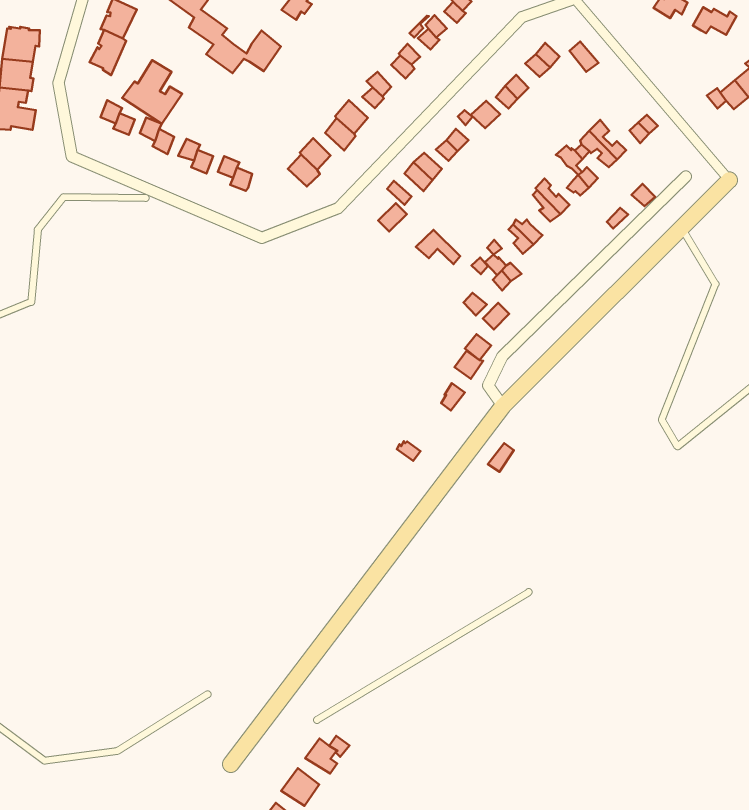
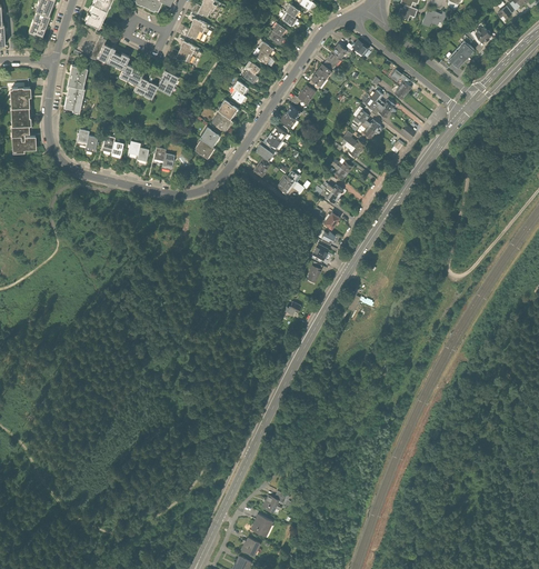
building: [122,60,182,124] -> none

